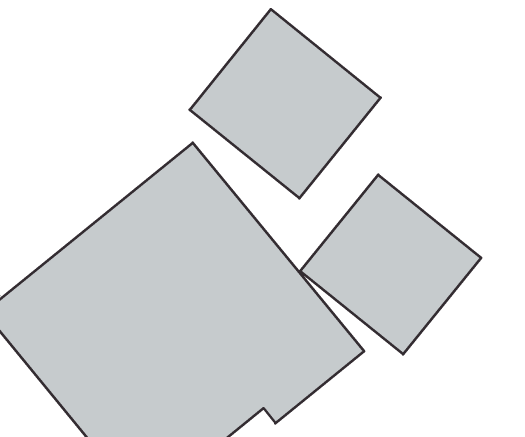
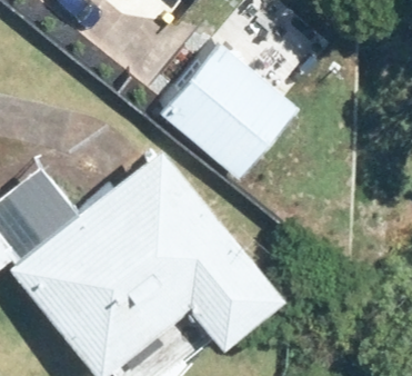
building: [300,175,481,354] -> none

